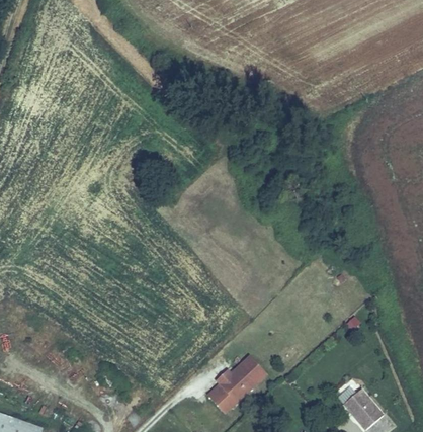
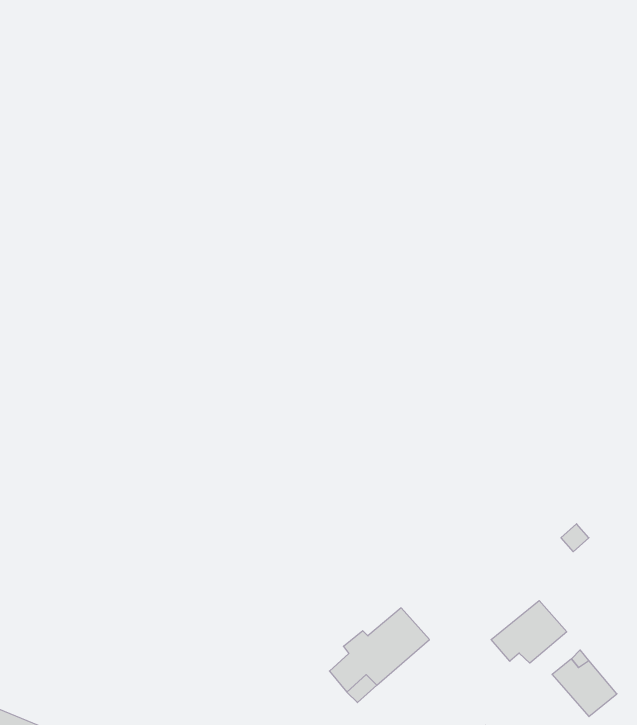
building: none -> [491,601,567,663]

